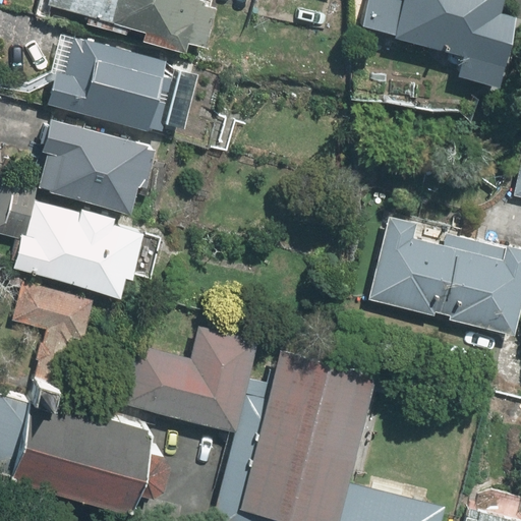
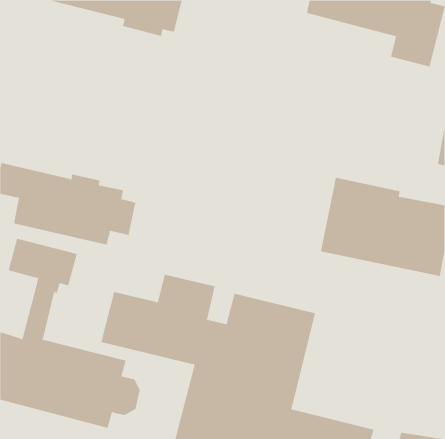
building: [50,36,205,132] -> none
building: [40,121,157,212] -> none

